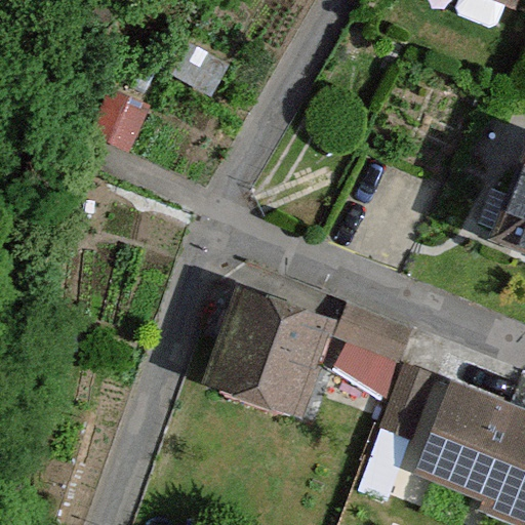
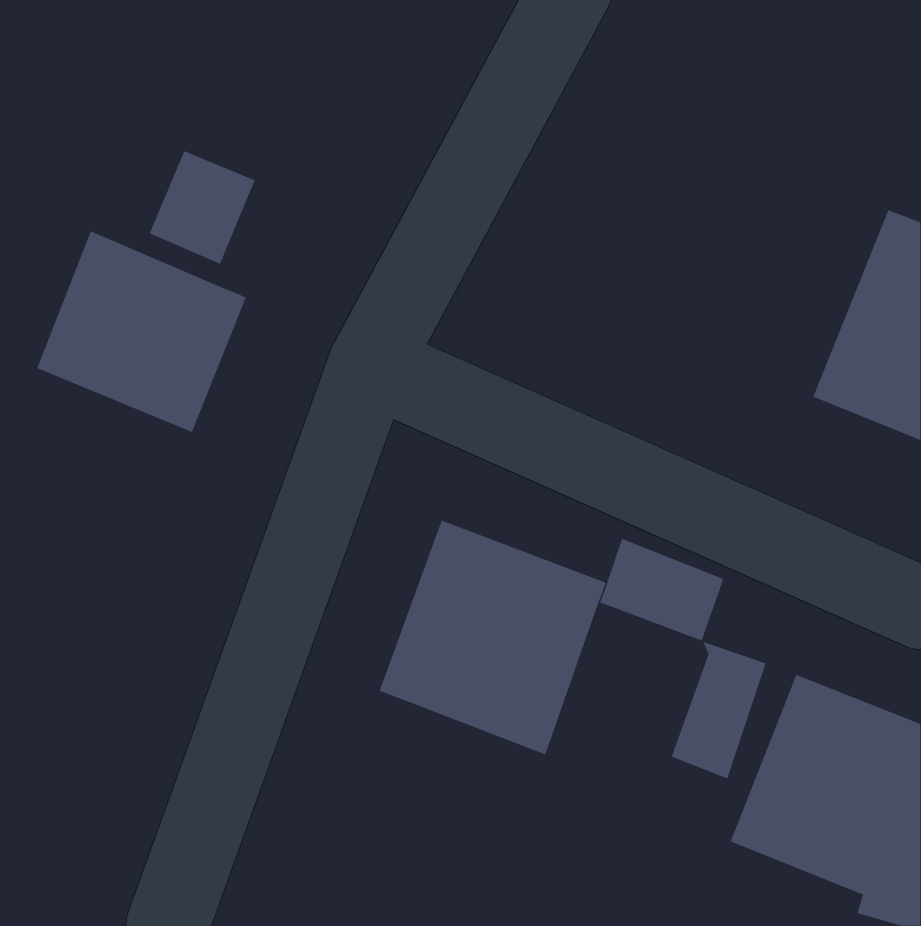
building: none -> [37,231,247,433]

